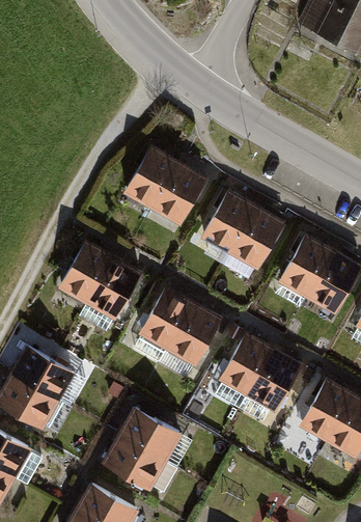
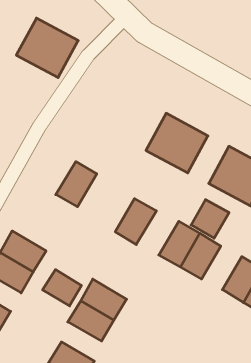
building: [129,146,209,223] -> [16,18,78,78]
building: [59,241,112,300] -> none
building: [136,289,188,348] -> none
building: none -> [191,200,229,238]
building: none -> [43,270,81,306]

